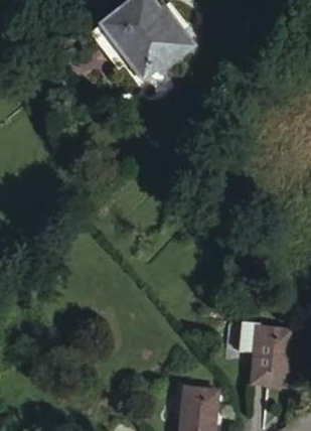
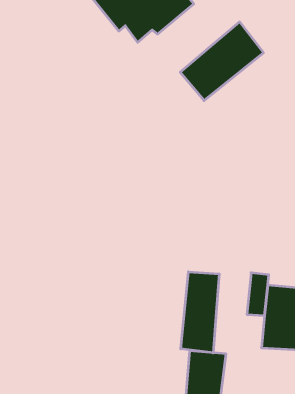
building: none -> [180,22,263,101]
building: none -> [181,272,219,353]

